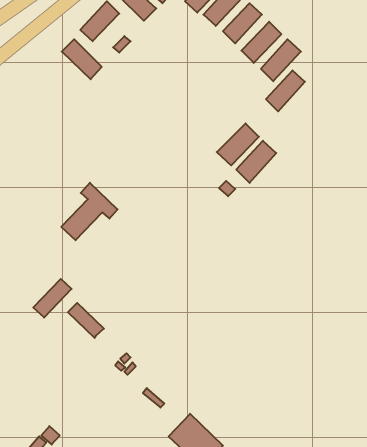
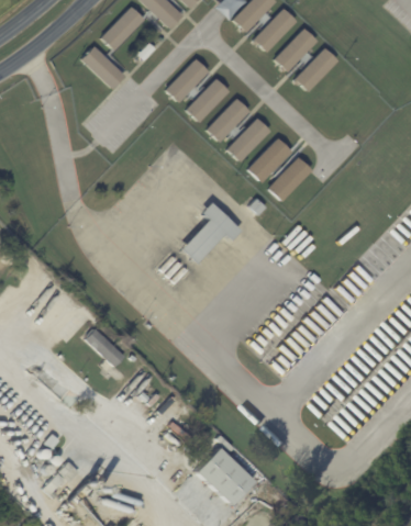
building: none -> [168,58,210,101]
building: none -> [188,78,230,121]
building: [266,70,305,111] -> [230,117,271,161]
building: none -> [209,98,252,141]
building: [61,183,118,240] -> [177,203,237,265]
building: [33,279,72,318] -> none

